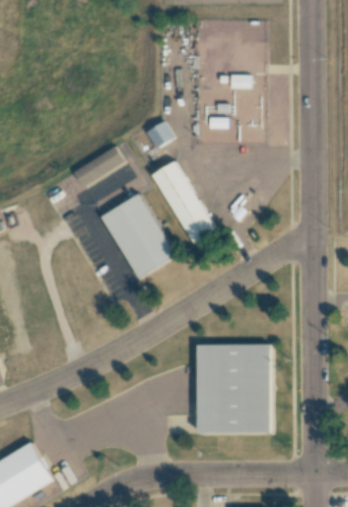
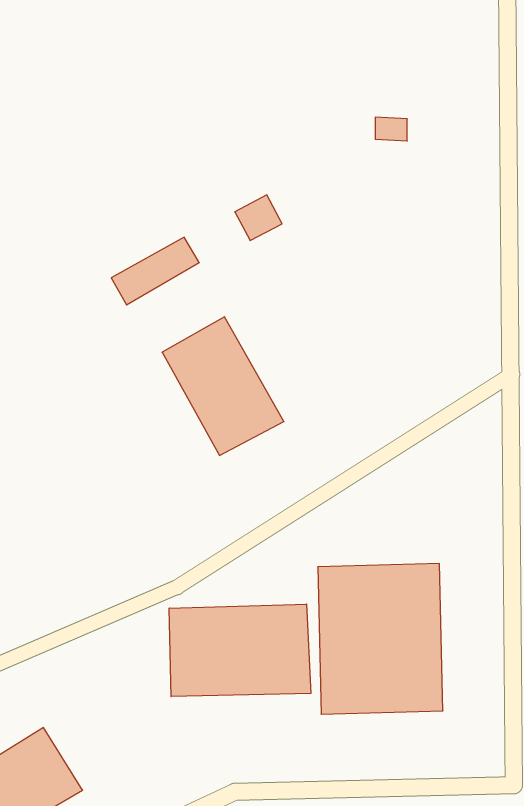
building: [151,161,215,244] -> none
building: none -> [169,604,311,697]

